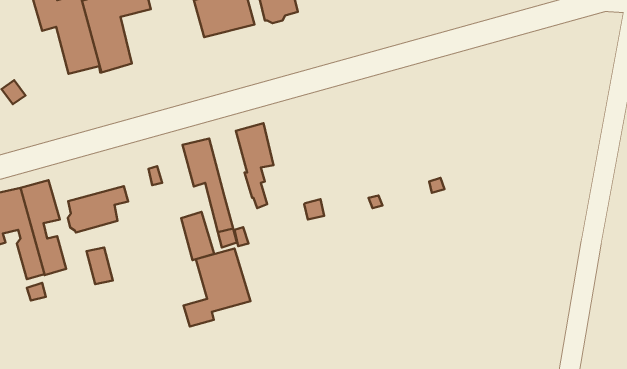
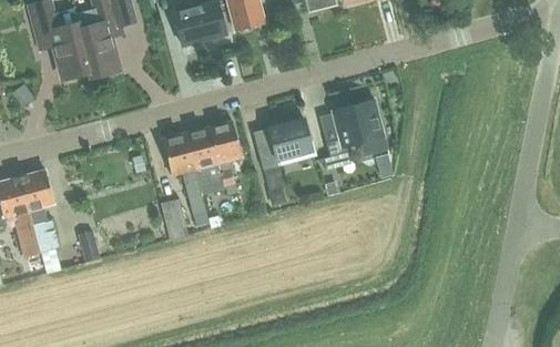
building: none -> [323,100,387,171]
building: none -> [252,119,312,171]
building: none -> [185,127,221,184]
building: [68,186,128,233] -> none
building: [183,248,250,327] -> none

